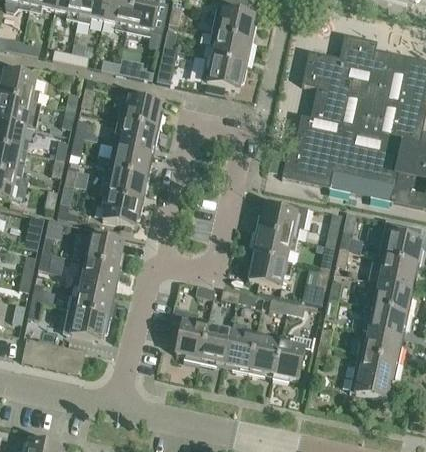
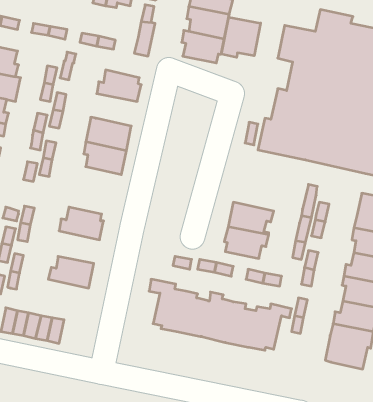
building: none -> [221,17,261,57]
building: [115,120,159,153] -> none
building: [100,193,143,226] -> none
building: [256,205,299,239] -> none
building: [77,259,121,292] -> none
building: [67,308,110,341] -> none

